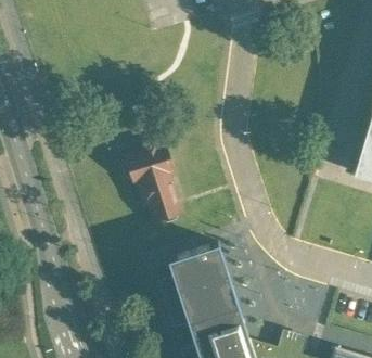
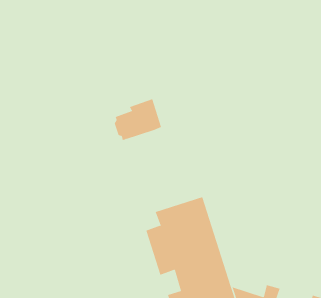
building: [138,172,181,222] -> none

